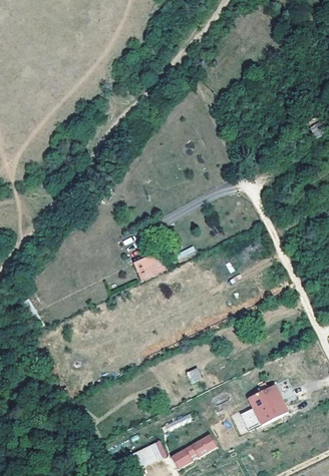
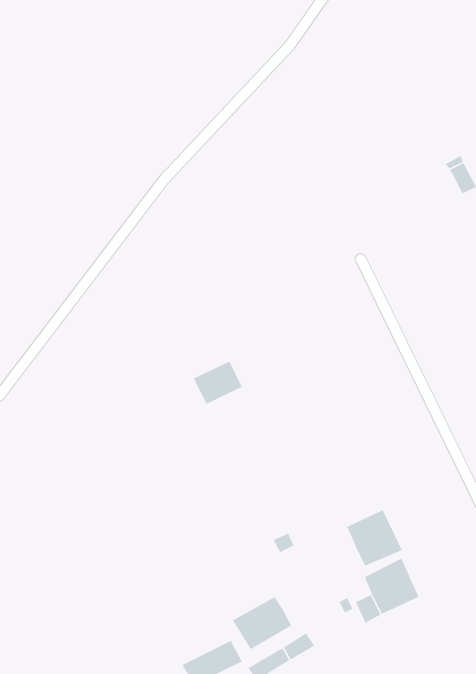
building: none -> [346,509,403,567]
building: none -> [232,596,292,650]

